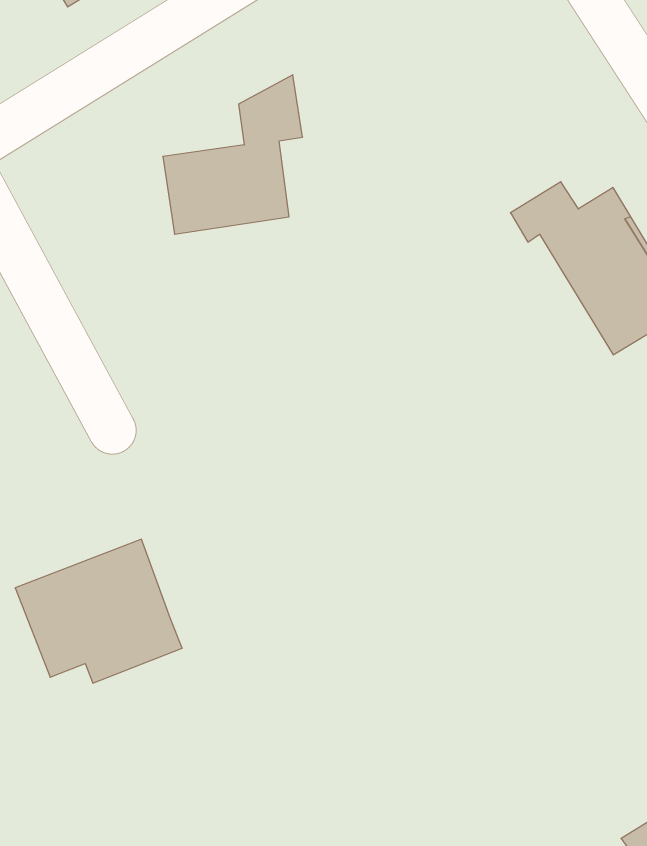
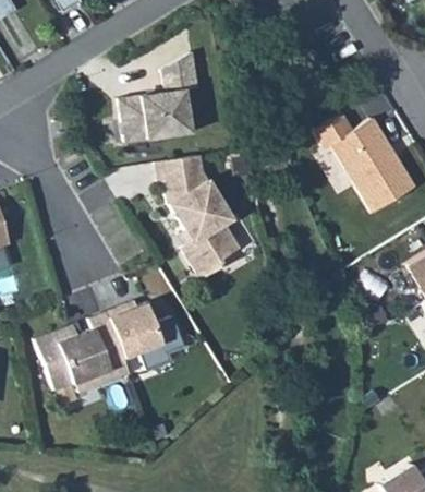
building: none -> [158,157,240,277]
building: none -> [108,304,162,360]

